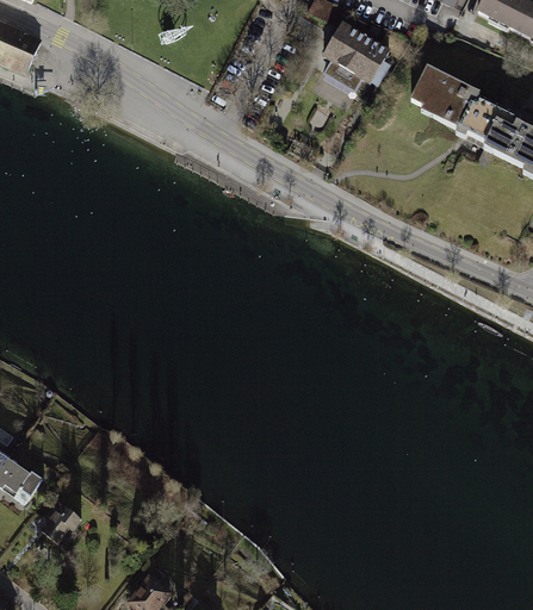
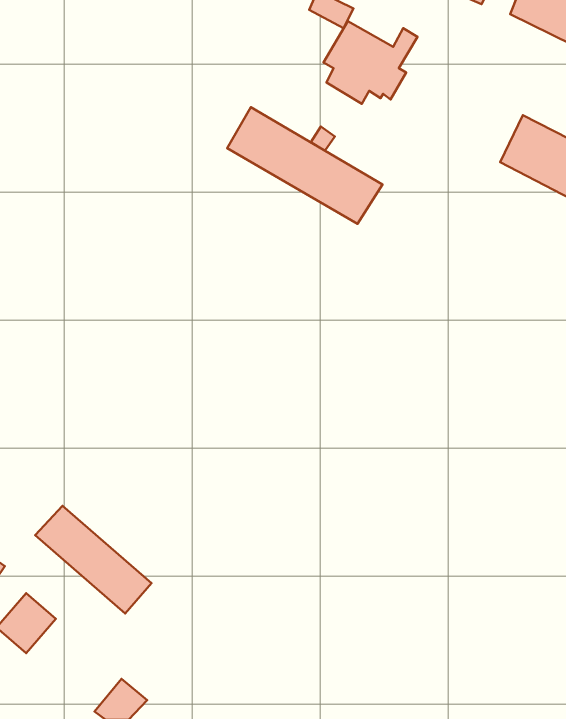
building: [411,64,485,130] -> none
building: none -> [227,107,383,224]
building: none -> [35,506,152,614]

